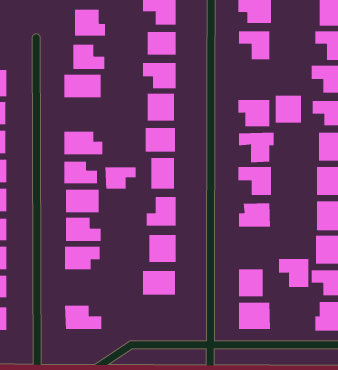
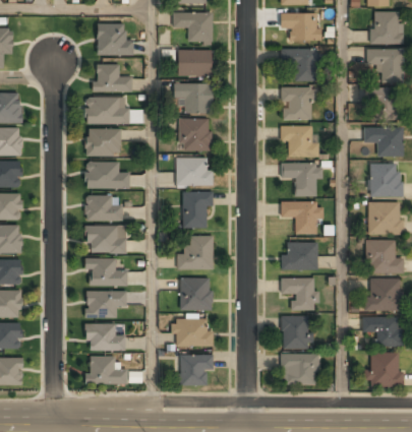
building: [275,95,302,123] -> [282,87,312,119]
building: none -> [85,130,120,156]
building: [105,166,136,189] -> none
building: [278,259,309,288] -> [281,277,315,310]
building: none -> [86,324,125,351]
building: none -> [178,354,213,385]

